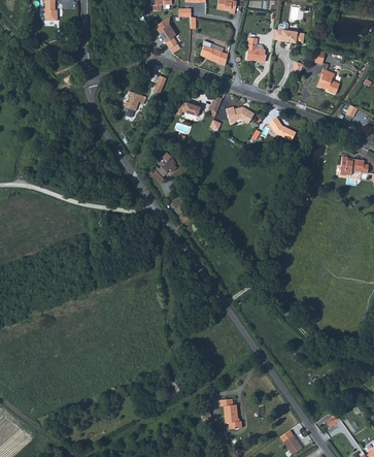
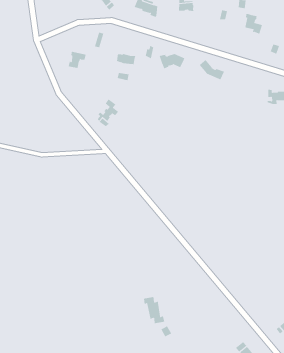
building: [220,397,242,427] -> [143,297,165,324]

